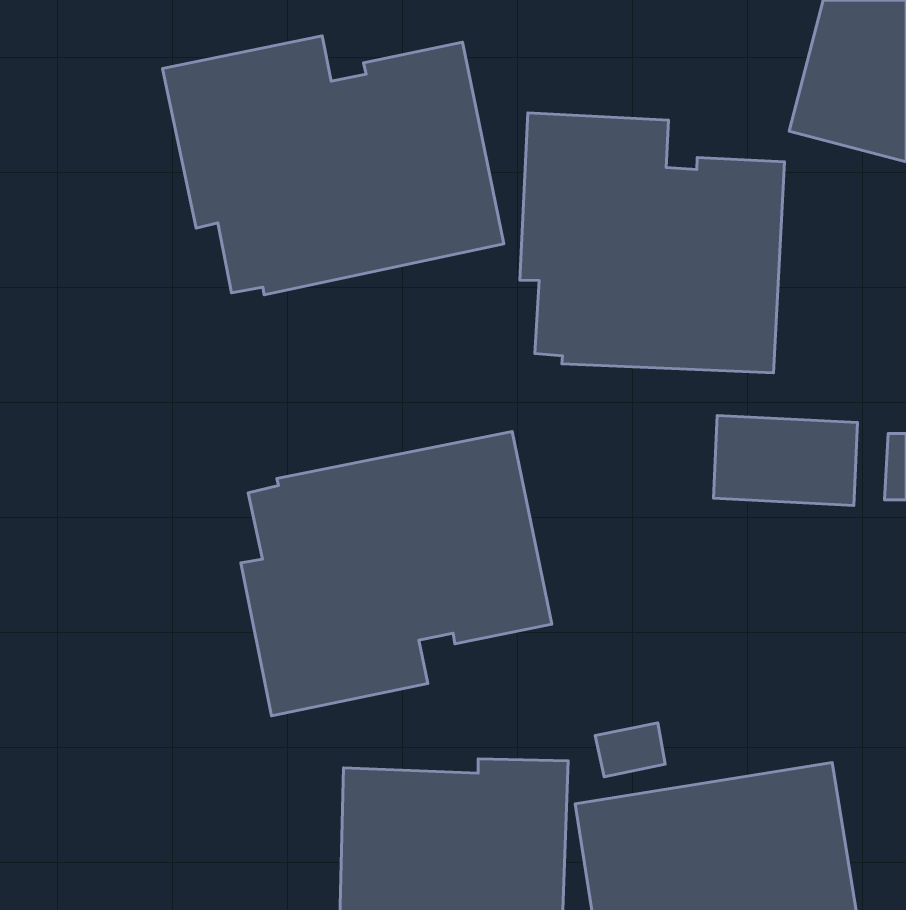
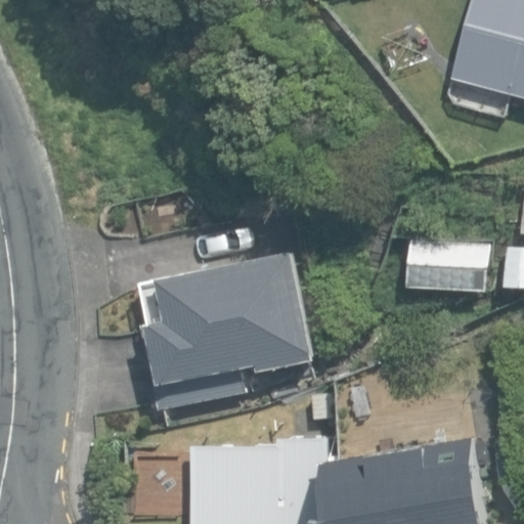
building: [162,36,504,295] -> none
building: [520,113,784,373] -> none

